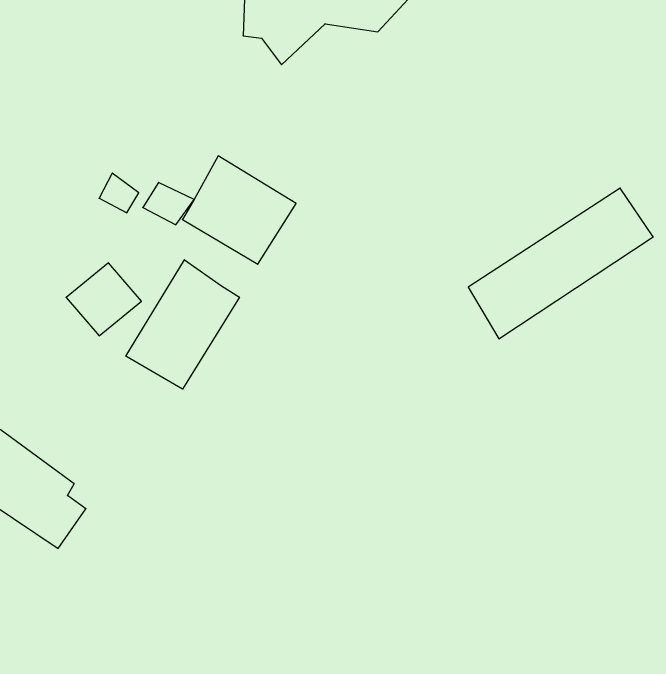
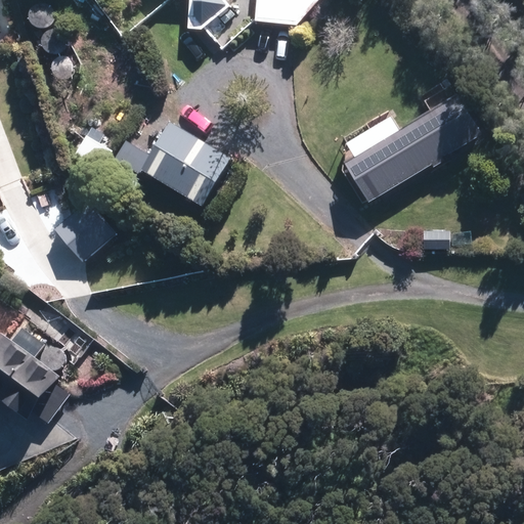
building: [468,188,653,339] -> [346,87,489,204]
building: [126,260,239,389] -> none

